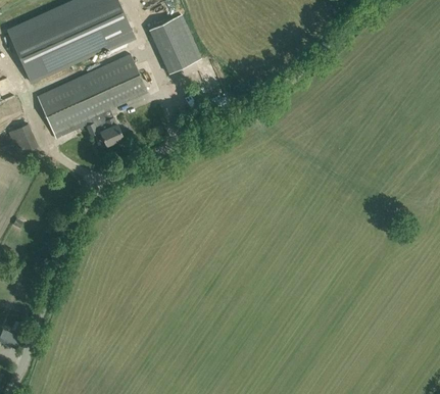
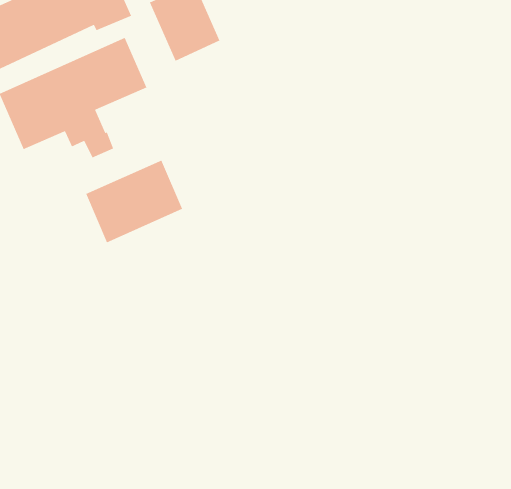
building: none -> [85,159,183,243]

